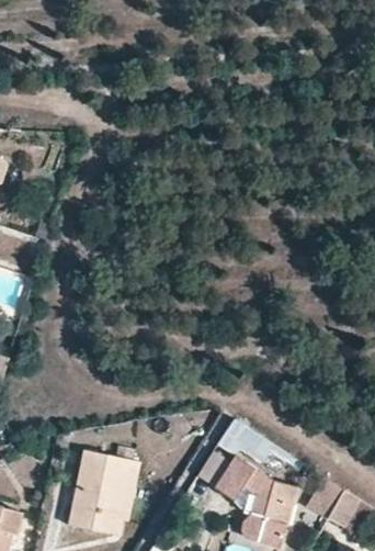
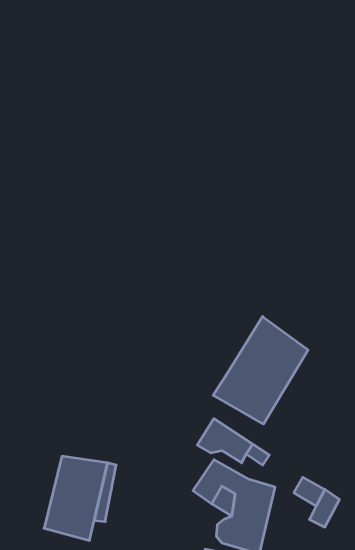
building: none -> [213,316,308,424]

